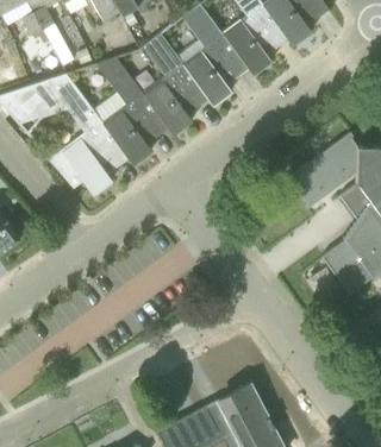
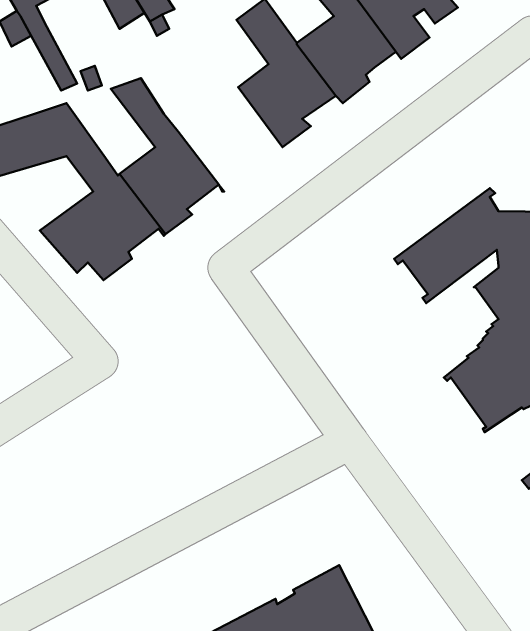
building: [142,33,212,133] -> none

